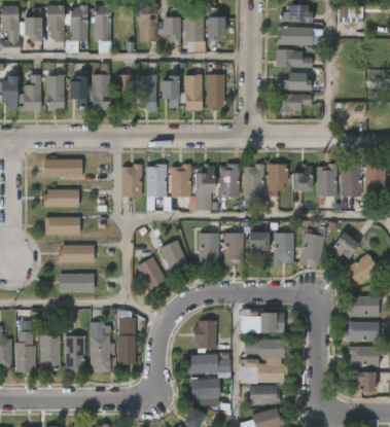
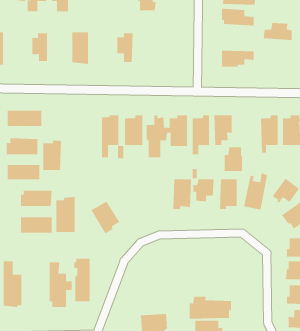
building: [91,63,110,110] -> none
building: [281,71,313,91] -> [263,22,292,41]
building: [184,73,203,109] -> none
building: [46,74,65,110] -> none
building: [206,74,223,110] -> none
building: [139,75,157,110] -> none
building: [122,164,143,197] -> [43,140,62,171]
building: [294,164,315,190] -> [224,147,243,172]
building: [198,233,218,265] -> none
building: [159,240,188,276] -> none
building: none -> [56,196,75,233]
building: [241,310,282,332] -> none
building: [191,319,214,348] -> none
building: [65,336,85,371] -> none
building: [242,339,286,357] -> none
building: [183,352,229,376] -> none

